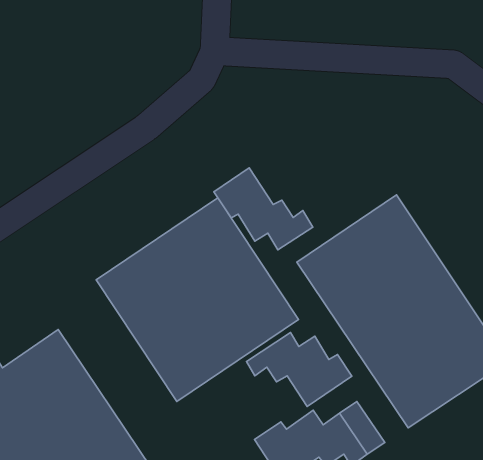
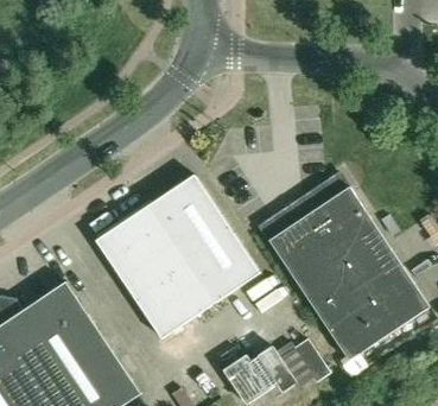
building: [214,168,313,250] -> none
building: [246,332,352,407] -> none

